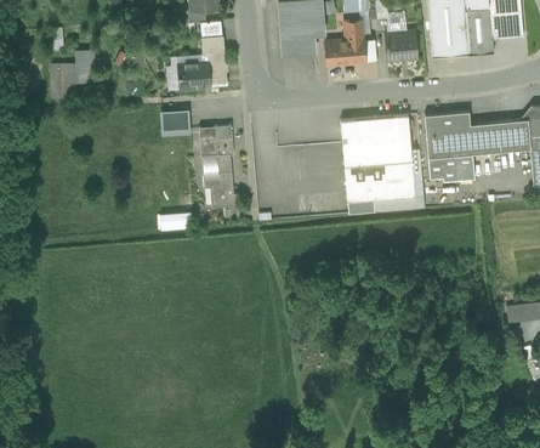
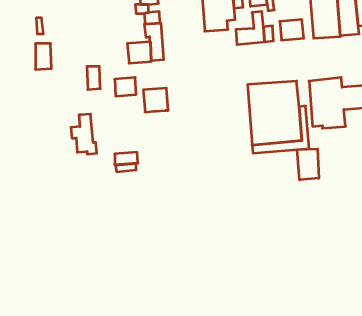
building: [76,52,95,84] -> [87,66,100,90]
building: [203,157,238,211] -> [71,114,97,154]
building: none -> [297,149,319,180]

